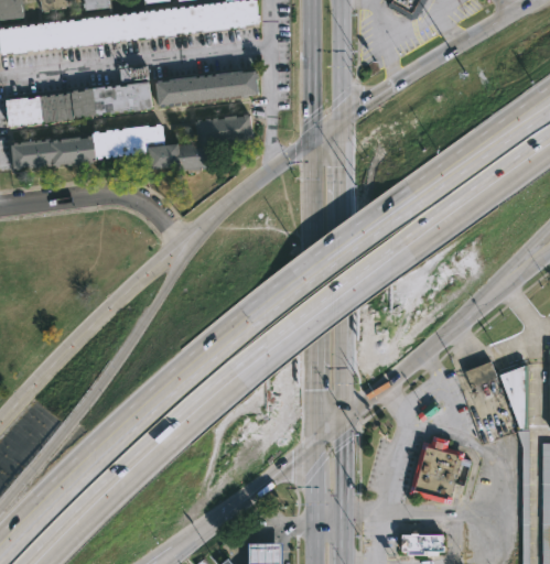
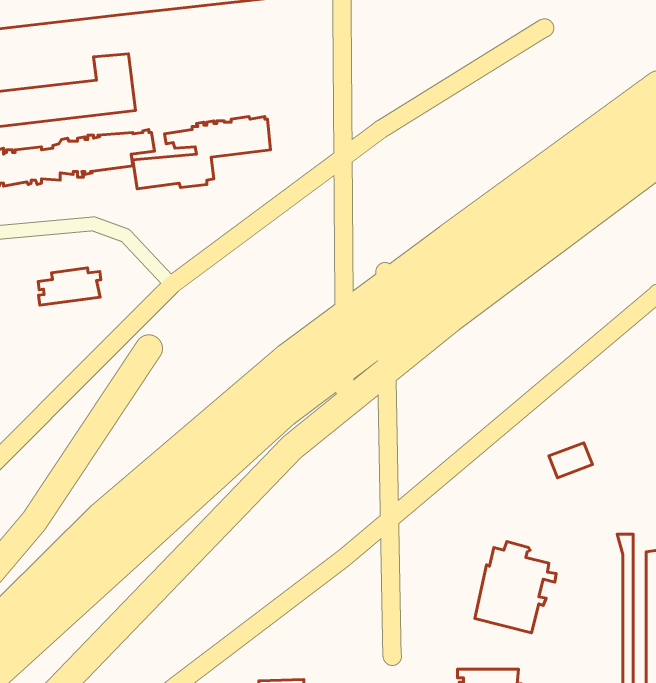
building: [154,69,257,106] -> none
building: none -> [38,268,101,305]
building: [502,362,529,429] -> none

